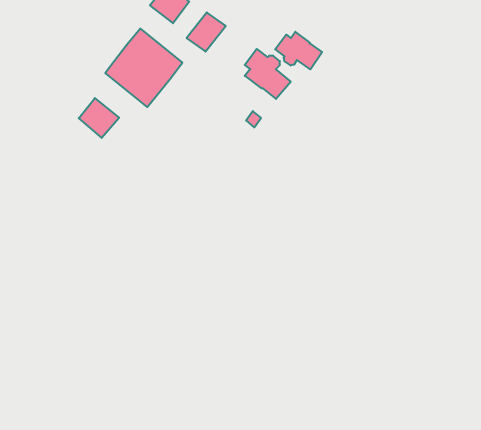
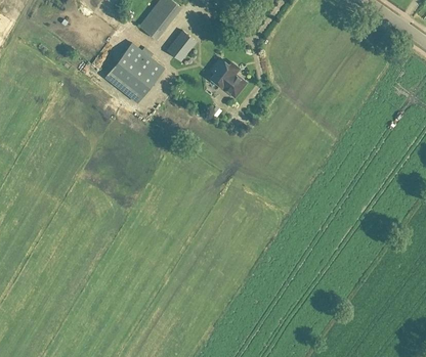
building: [275,32,322,69] -> none
building: [79,98,119,138] -> none

